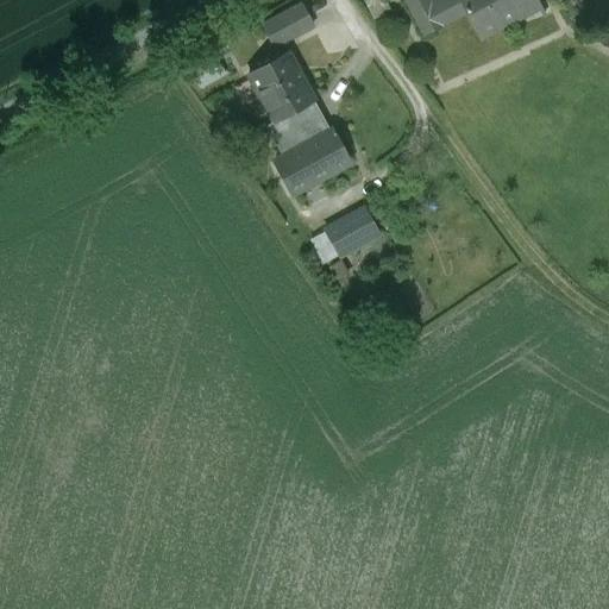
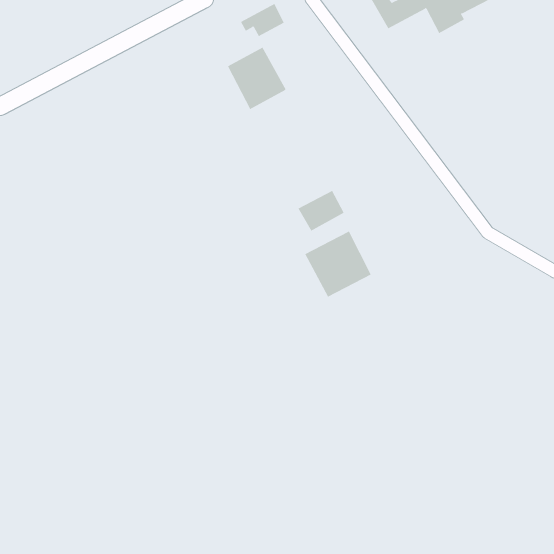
building: [266,99,351,193] -> none
building: none -> [304,230,372,298]

